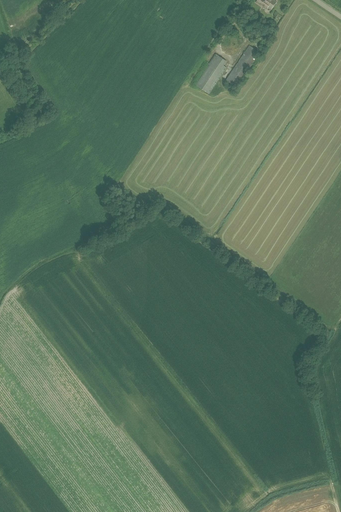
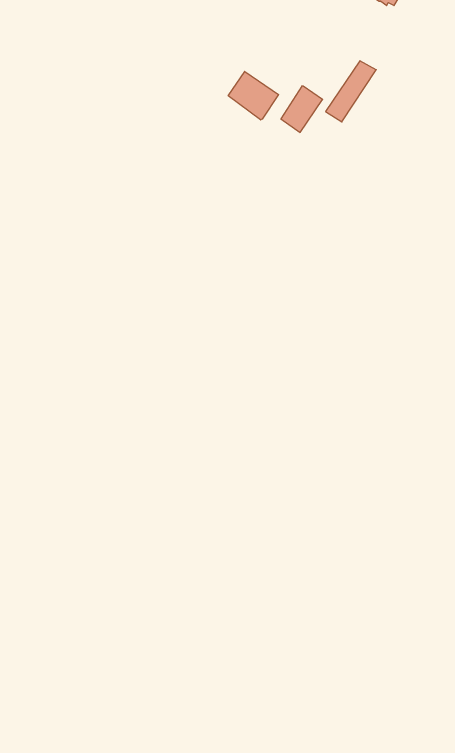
building: none -> [228,71,279,120]

